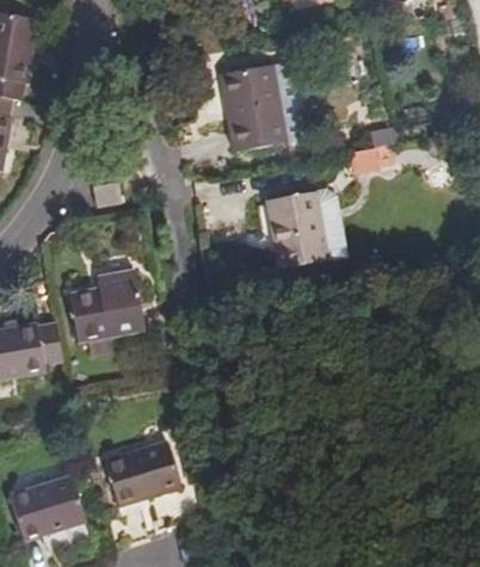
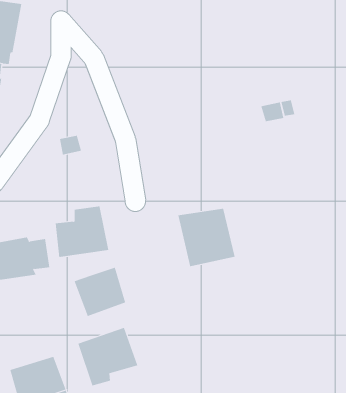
building: [217,70,283,150] -> none
building: [266,189,343,266] -> [178,208,236,267]
building: none -> [74,267,126,317]

